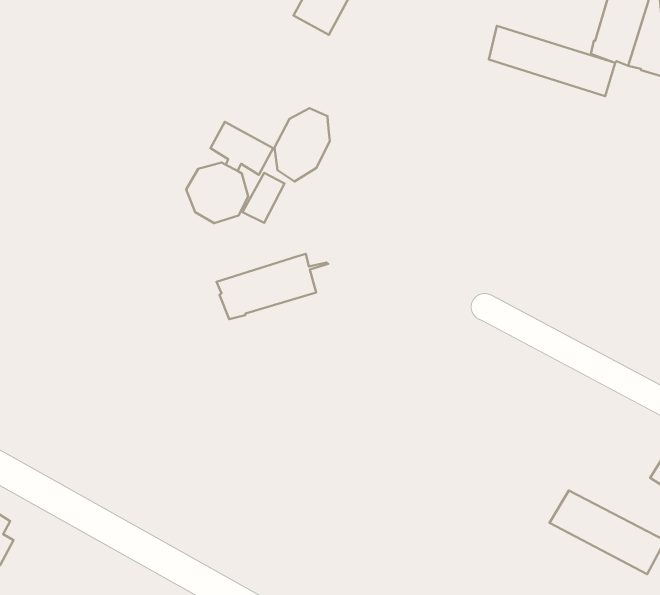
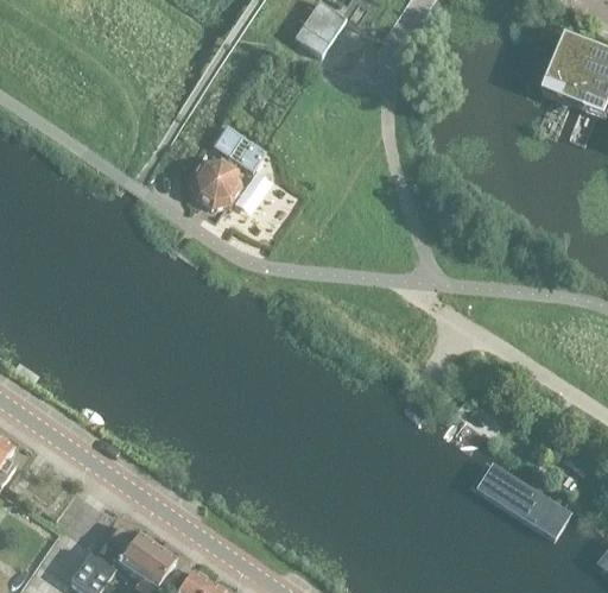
building: [489,26,615,96] -> none
building: [275,108,330,182] -> none
building: [217,254,328,319] -> none

